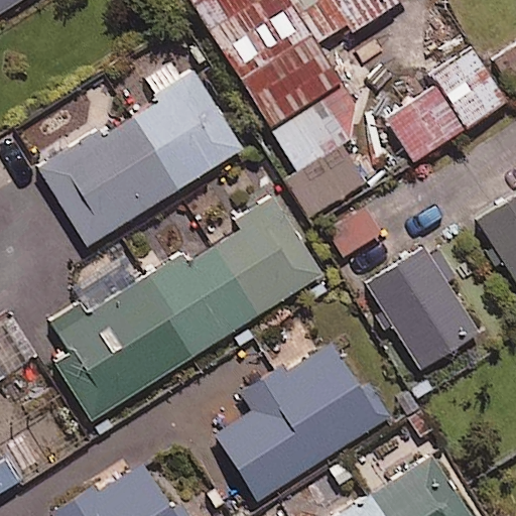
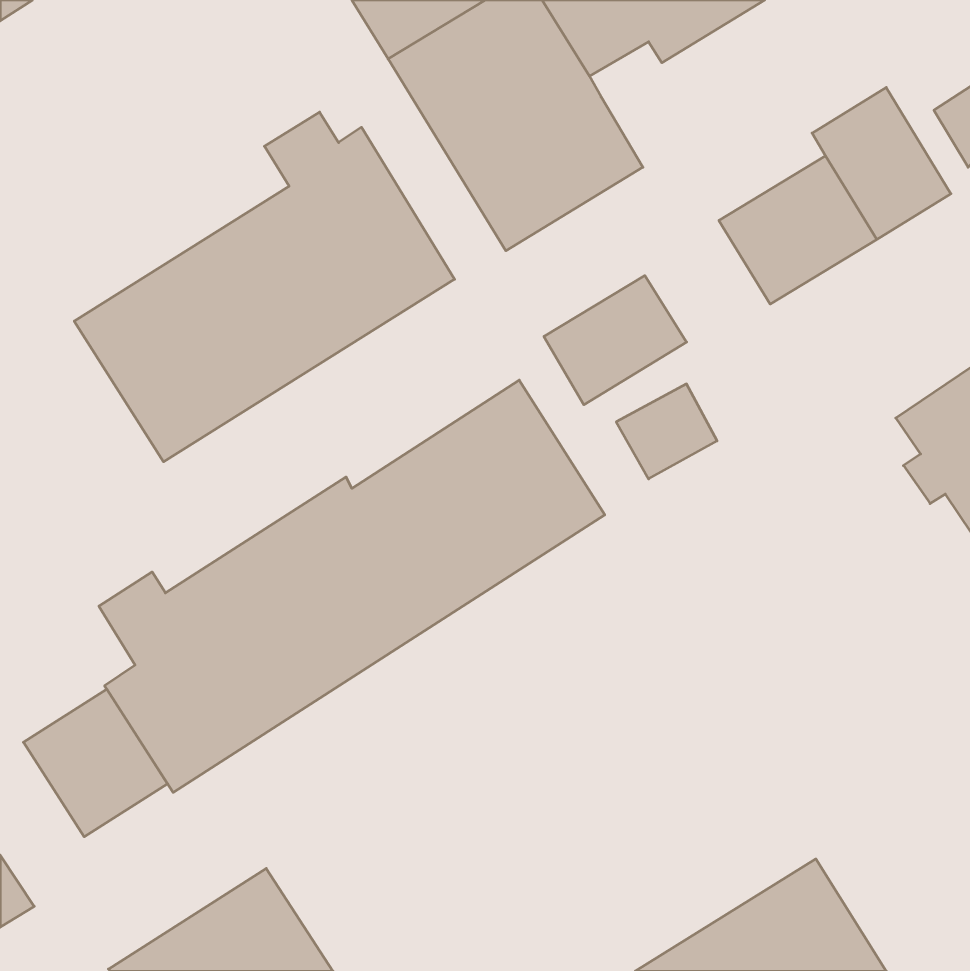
building: [269,89,356,170] -> none
building: [364,242,480,371] -> none
building: [216,342,392,500] -> none
building: none -> [23,689,168,837]

